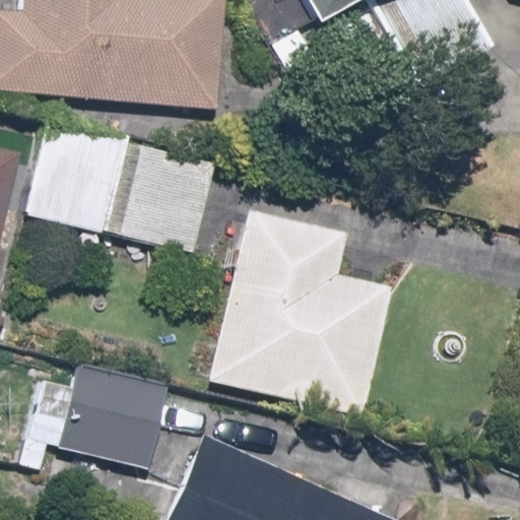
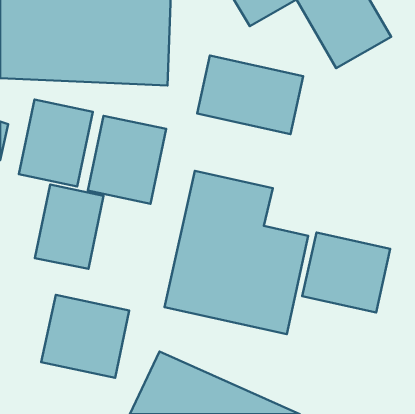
building: none -> [197,56,303,134]
building: none -> [35,184,104,269]
building: none -> [302,233,390,312]

